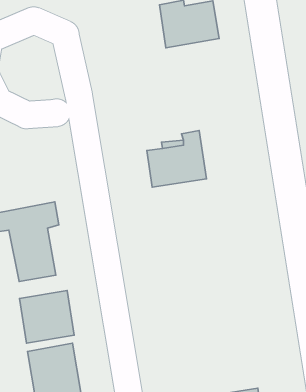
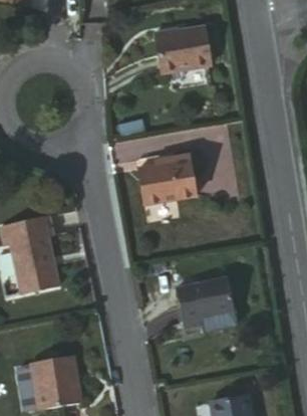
building: none -> [179,282,238,334]
building: [20,290,74,343] -> none

